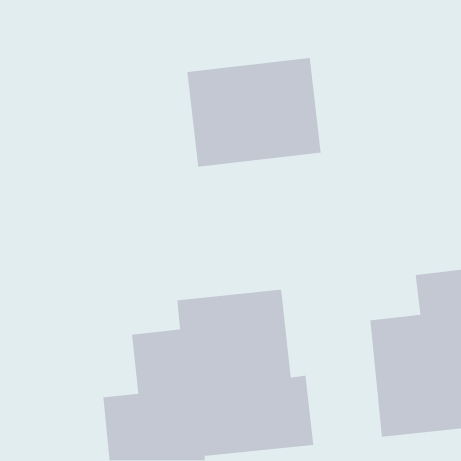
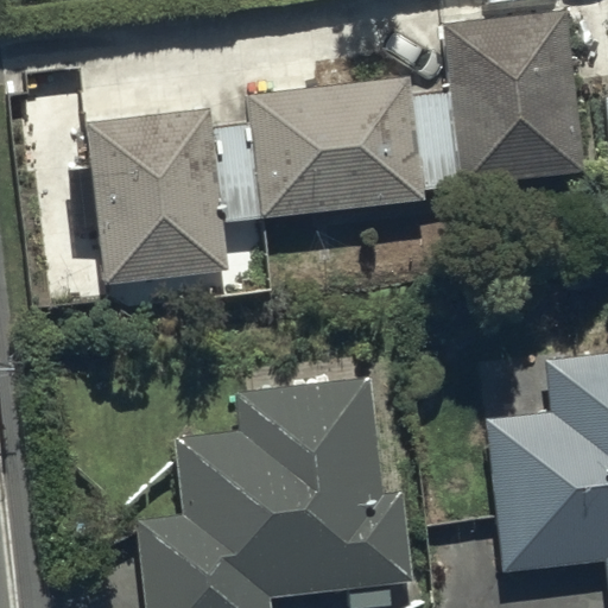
building: none -> [442,11,584,186]
building: none -> [87,108,229,286]

